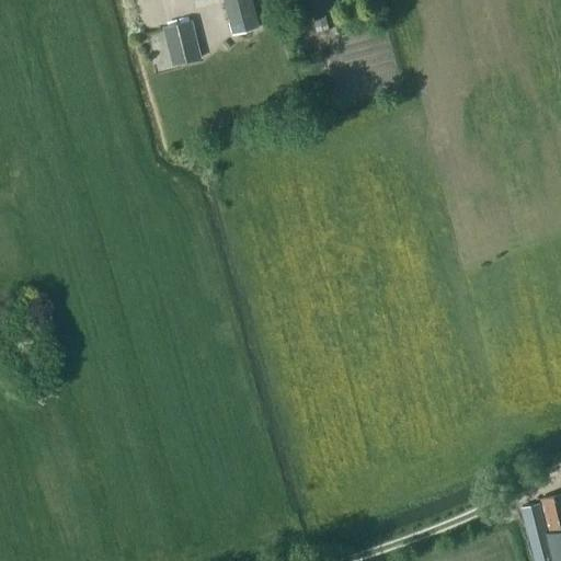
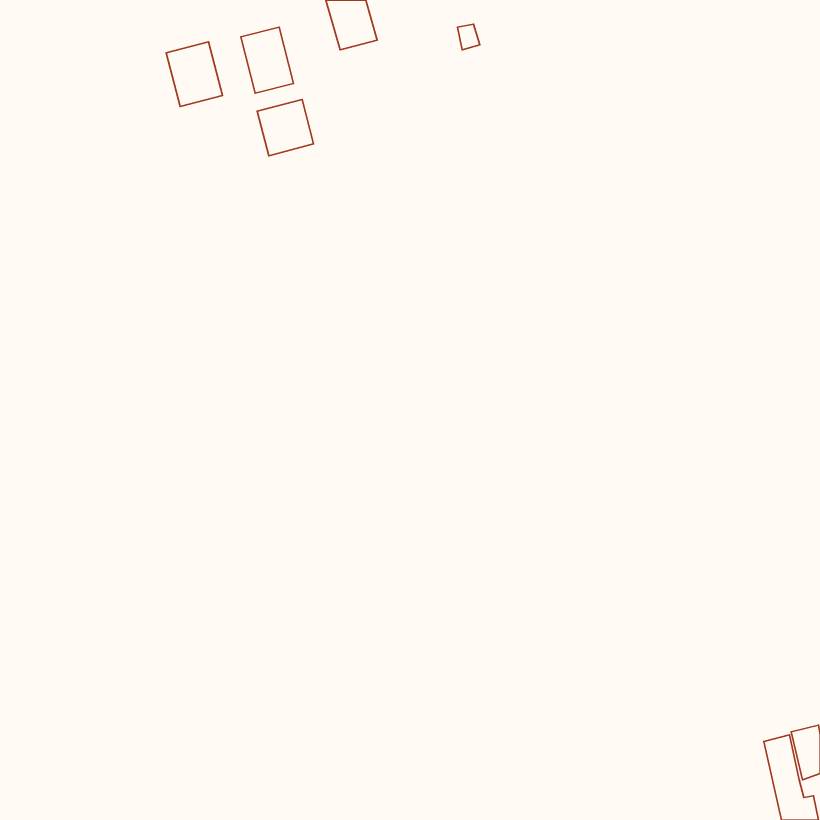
building: none -> [166,42,222,107]
building: none -> [257,100,314,156]

